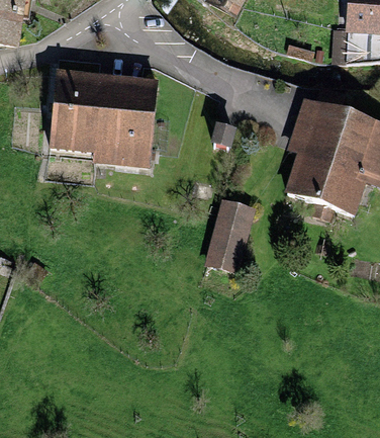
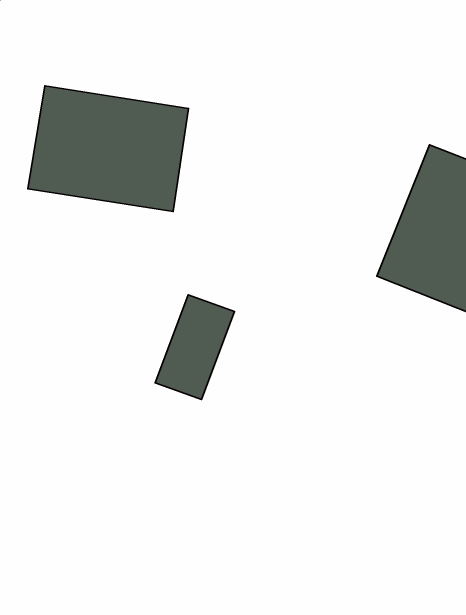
building: [204,200,254,269] -> [155,295,234,400]

